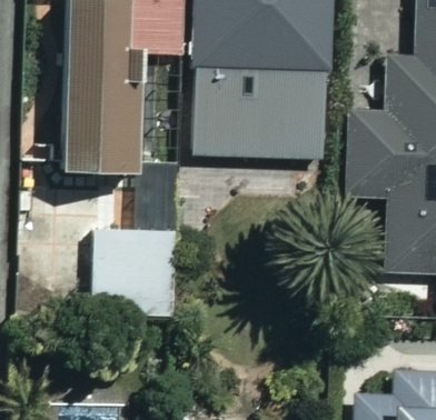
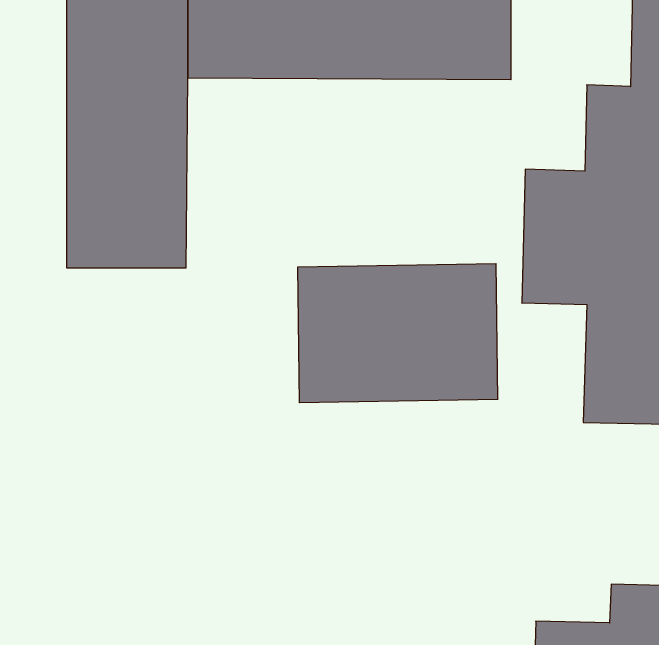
building: [199,69,326,157] -> [298,264,498,403]
building: [96,228,180,314] -> none

